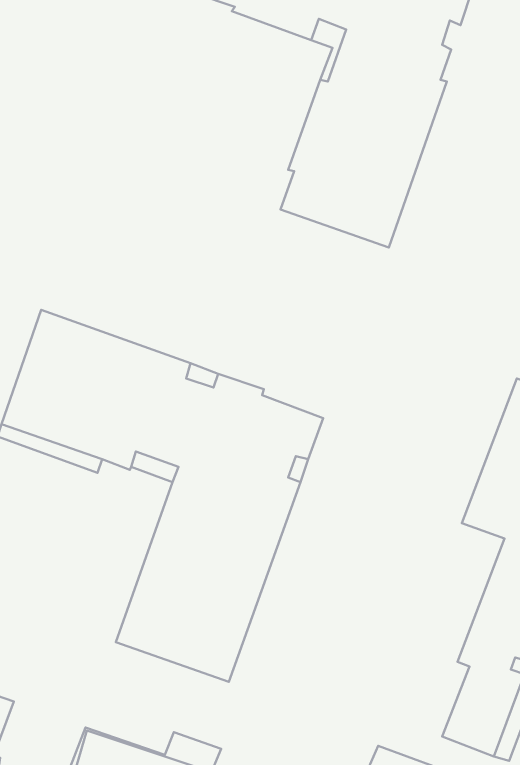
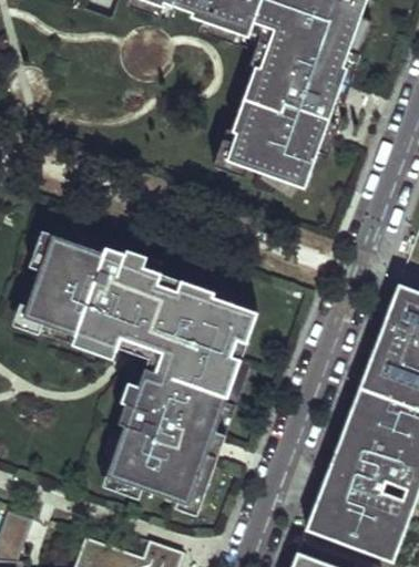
building: none -> [306,389,390,544]

